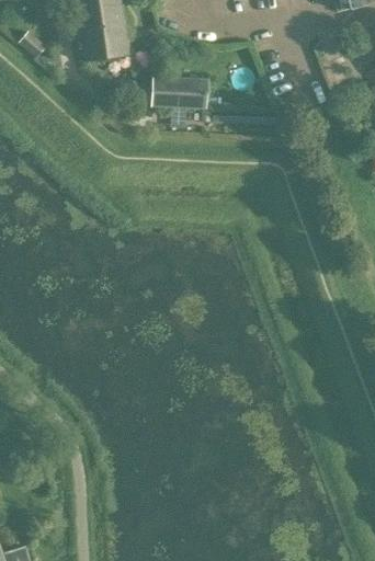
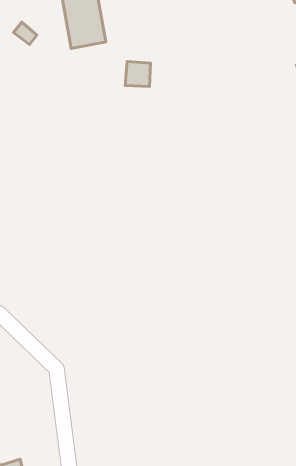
building: [180,79,208,108] -> none

